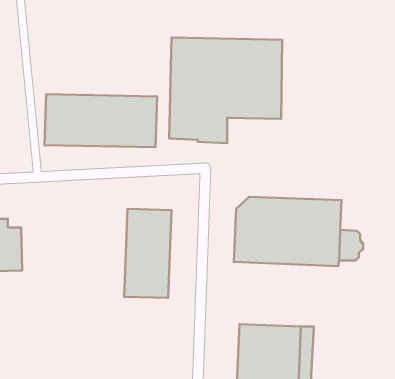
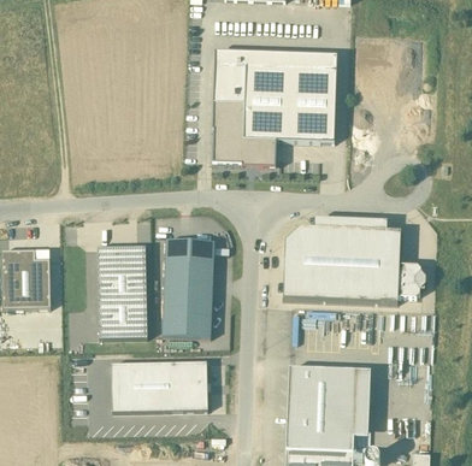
building: [44,94,157,147] -> none
building: none -> [98,246,147,338]
building: none -> [112,361,207,412]

